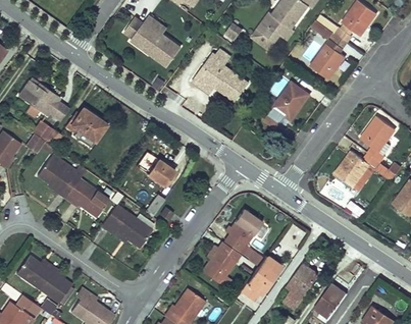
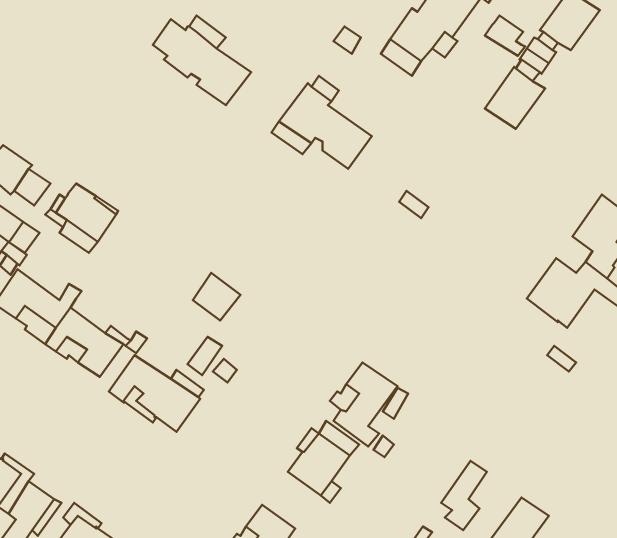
building: [271,82,308,120] -> none
building: [240,256,279,302] -> none

